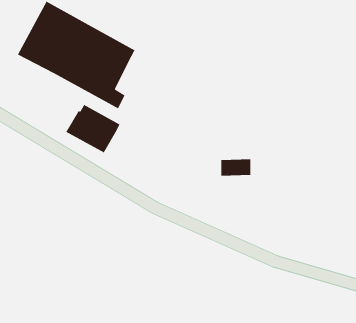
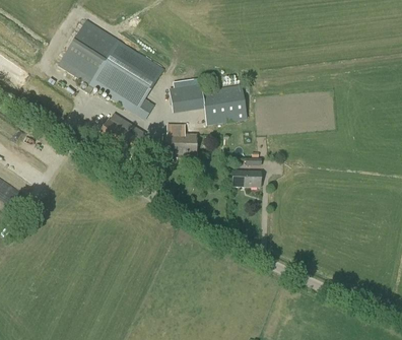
building: none -> [165,83,247,123]
building: none -> [165,133,197,156]

